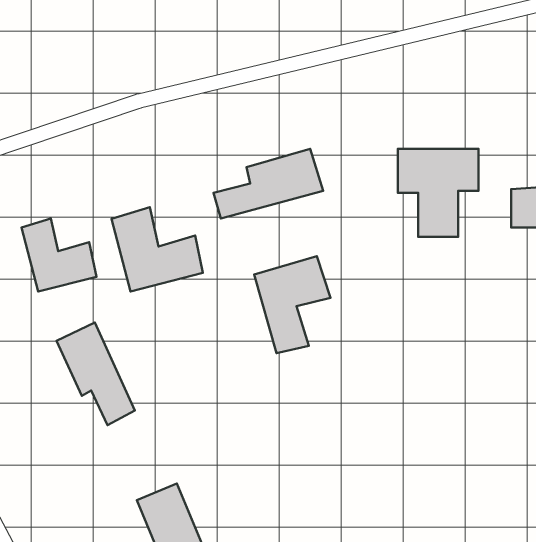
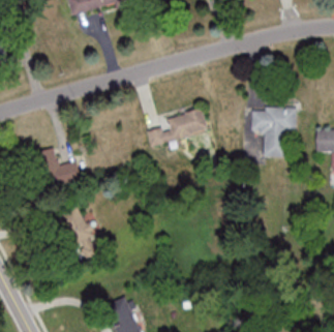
building: [111,207,203,292] -> none
building: [254,256,330,353] -> none

